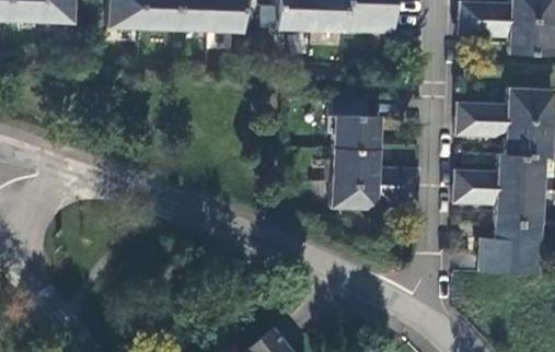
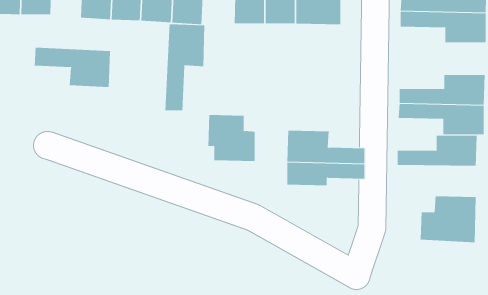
building: none -> [165,23,205,111]
building: none -> [34,47,110,88]
building: [327,98,380,150] -> [208,115,255,161]
building: [454,187,542,222] -> none

